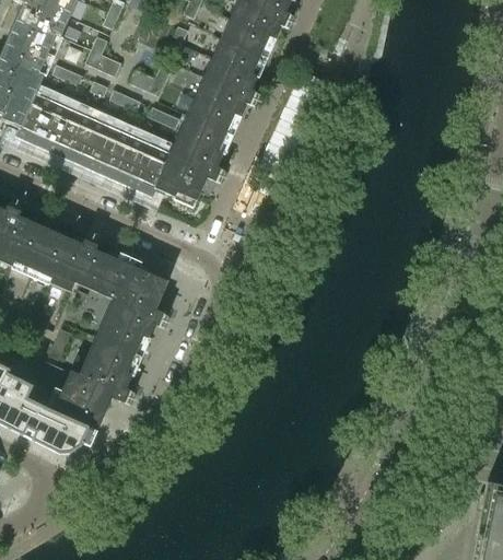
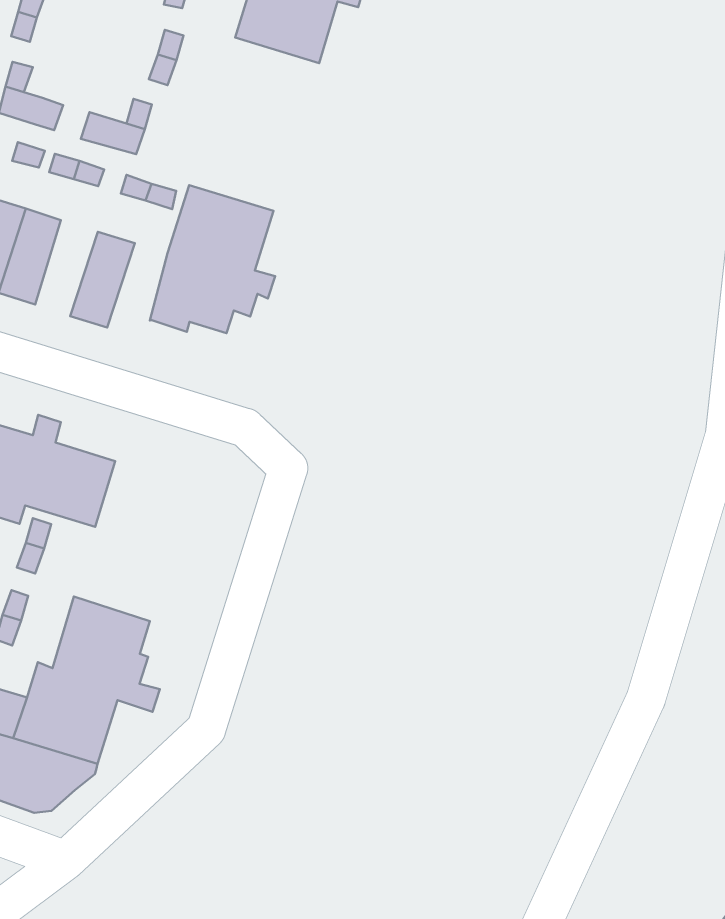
building: [186,36,266,135] -> none
building: [93,126,132,179] -> none
building: [131,143,169,197] -> none
building: [95,262,171,353] -> none

